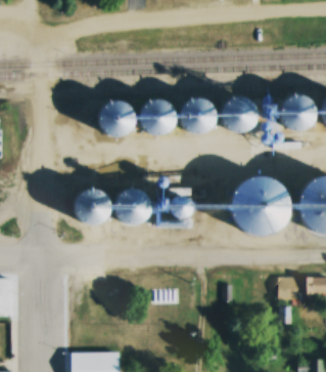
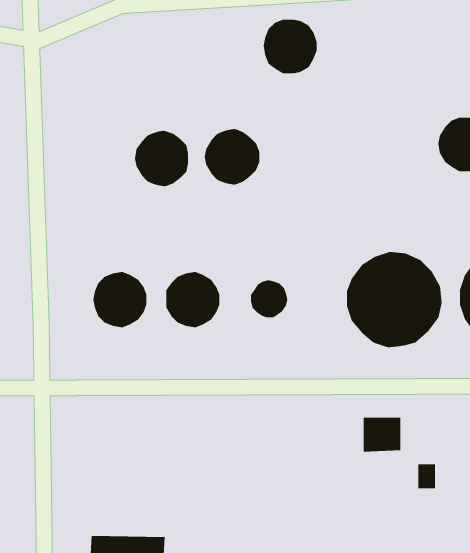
building: [228,95,262,130] -> none
building: [188,98,222,132] -> [263,19,318,74]
building: [278,277,301,298] -> [363,417,401,452]

